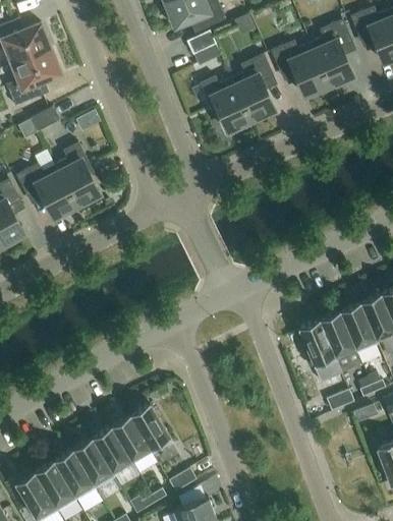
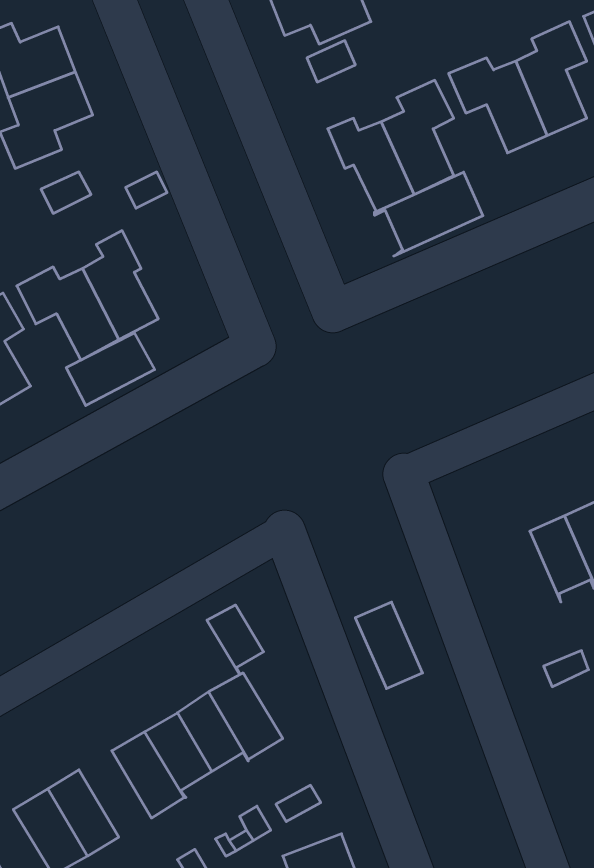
building: none -> [374,172,483,256]
building: none -> [66,333,155,406]
building: [297,322,337,372] -> [355,602,423,689]
building: none -> [207,605,264,674]
building: [53,451,96,502] -> none

